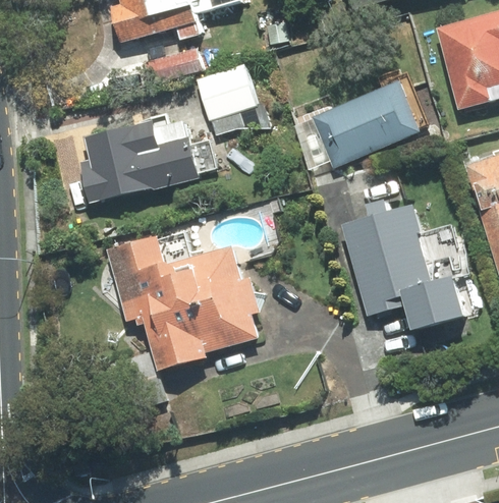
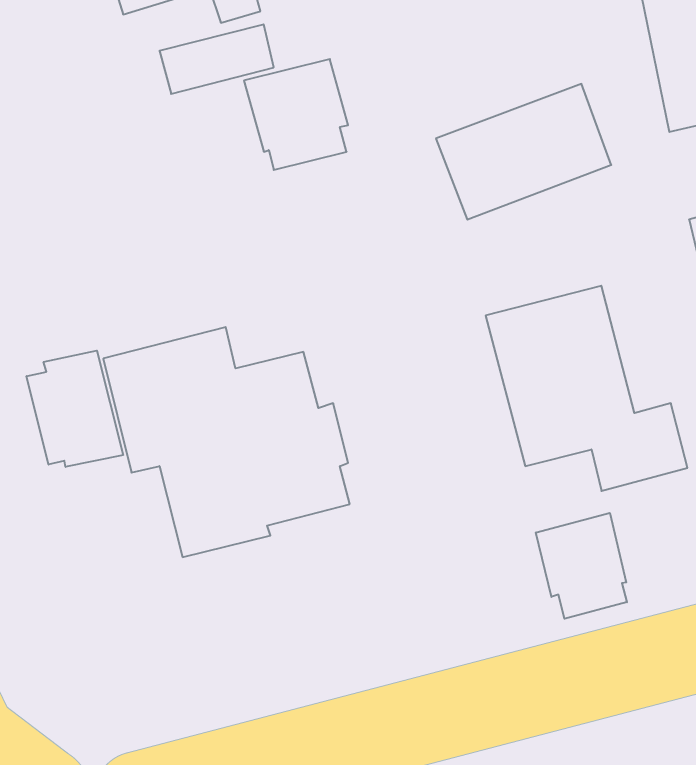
building: [79,121,200,202] -> none
building: none -> [27,351,123,467]
building: none -> [536,513,627,619]

